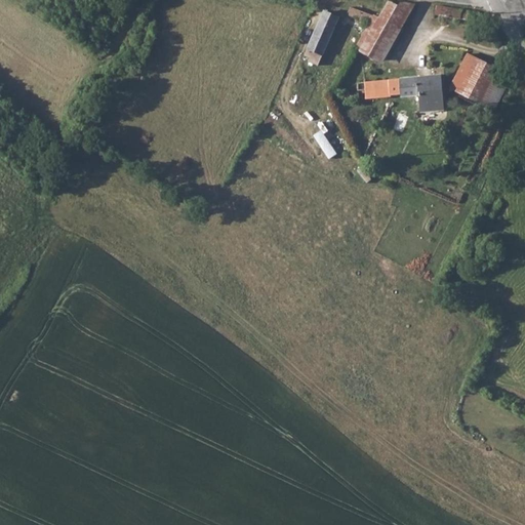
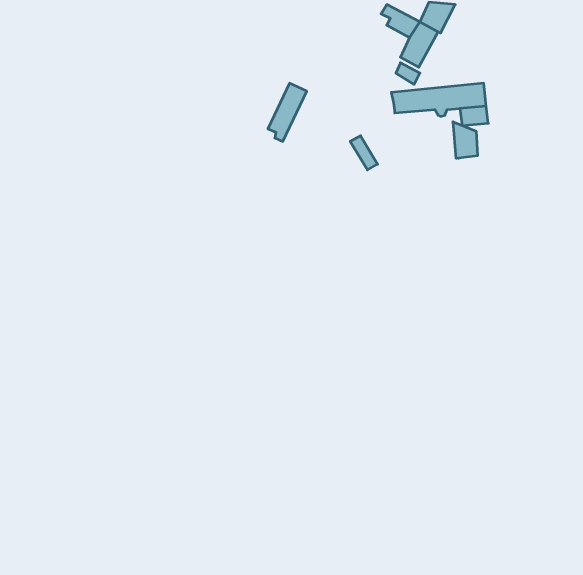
building: [307,12,341,65] -> [268,83,307,141]
building: [453,47,499,96] -> none
building: none -> [453,122,477,158]

